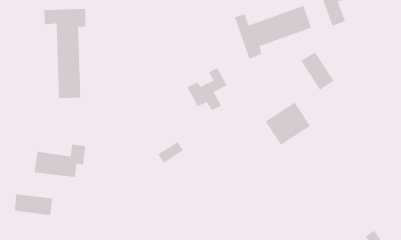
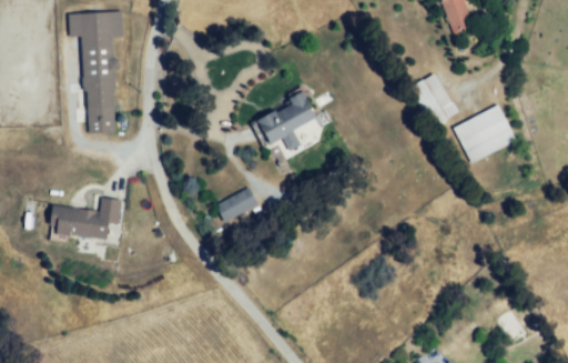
building: [234,5,312,60] -> none
building: [265,102,311,145] -> [455,103,517,162]
building: [14,193,53,216] -> none

